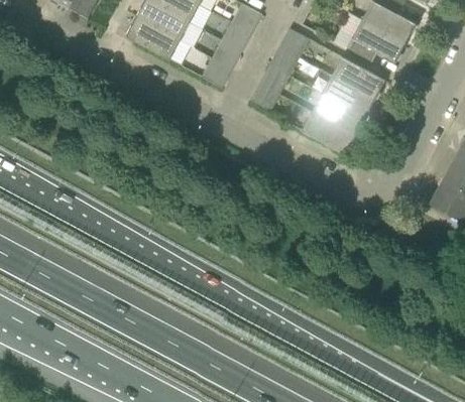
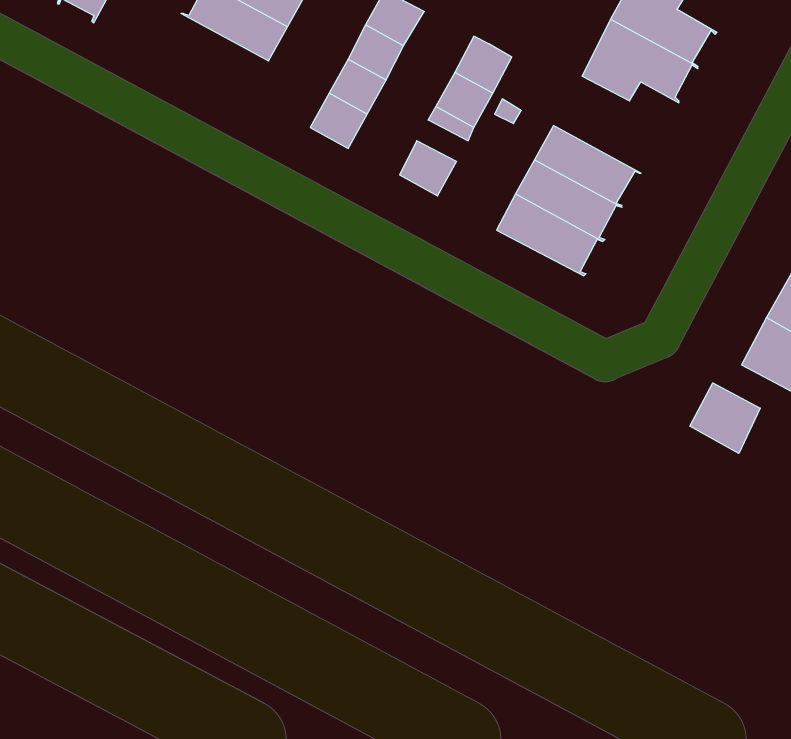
building: [123,15,180,58] -> none
building: [331,56,387,100] -> none
building: none -> [690,383,760,453]

